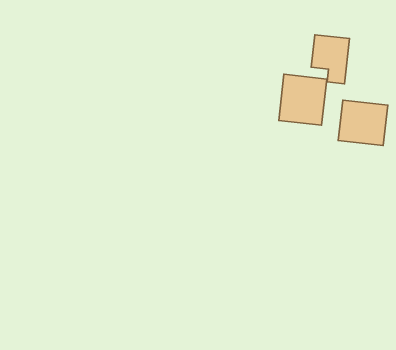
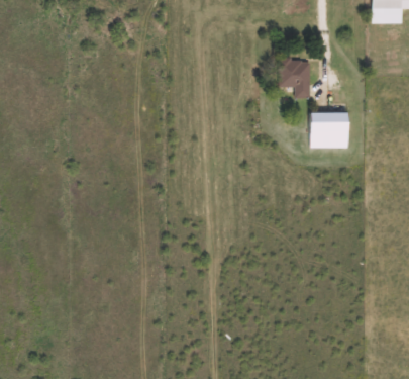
building: [279,74,327,125] -> none

